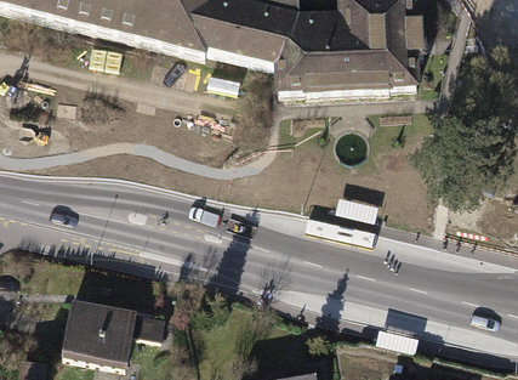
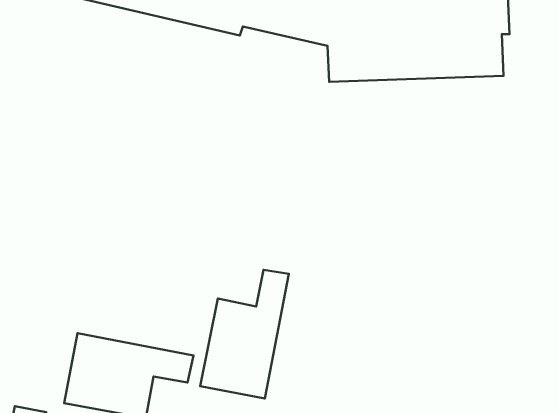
building: none -> [200,270,289,399]

